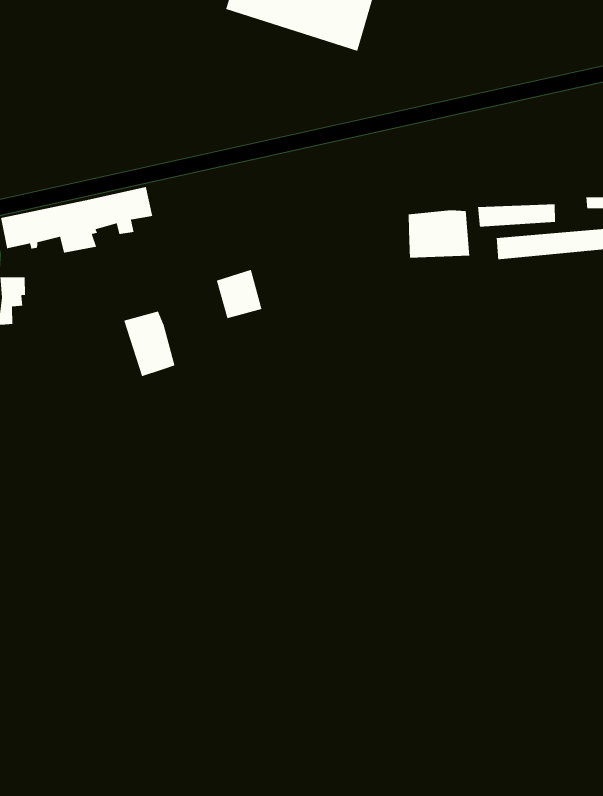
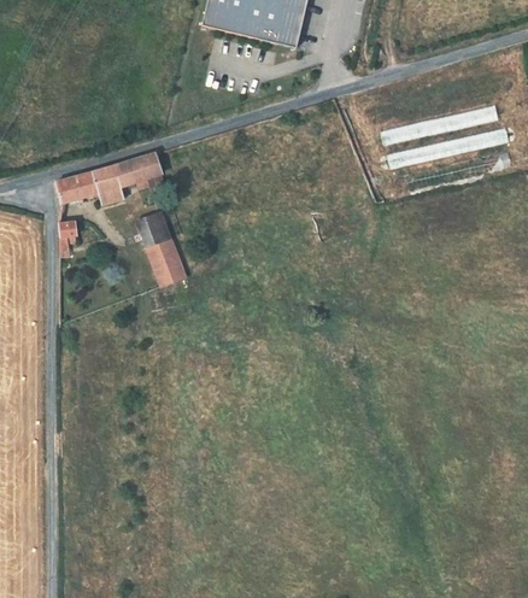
building: [408,210,470,259] -> none
building: [216,269,262,319] -> [136,210,170,246]

